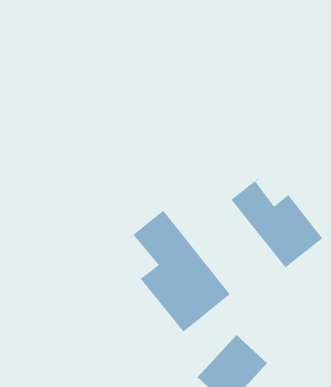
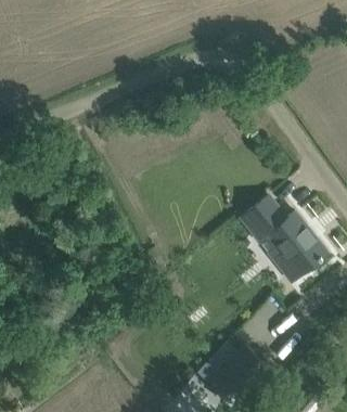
building: [129,210,231,332] -> none

